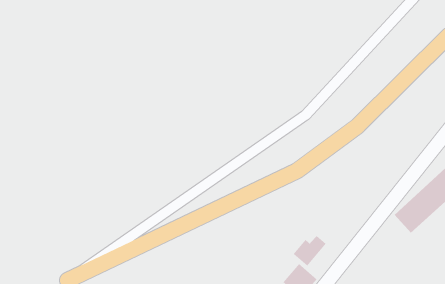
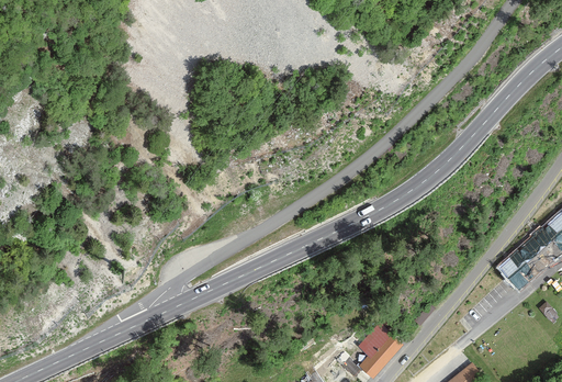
building: [293,235,327,266] -> none

